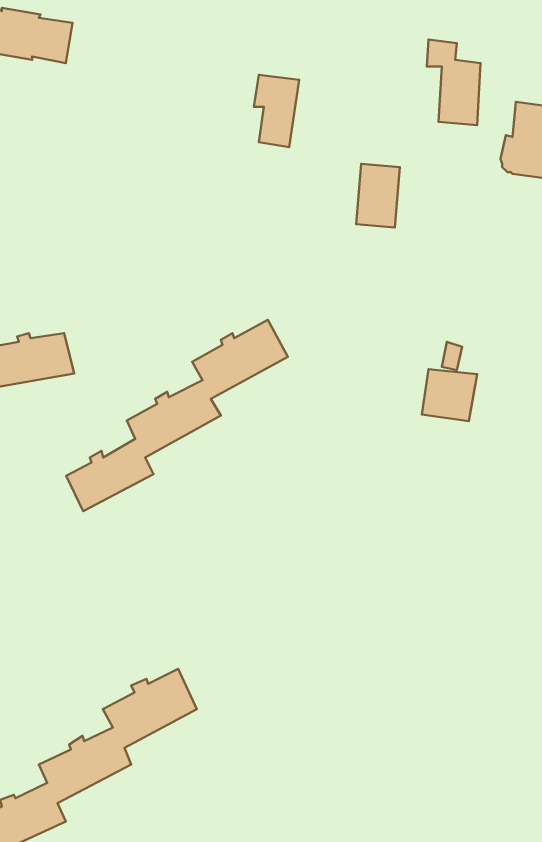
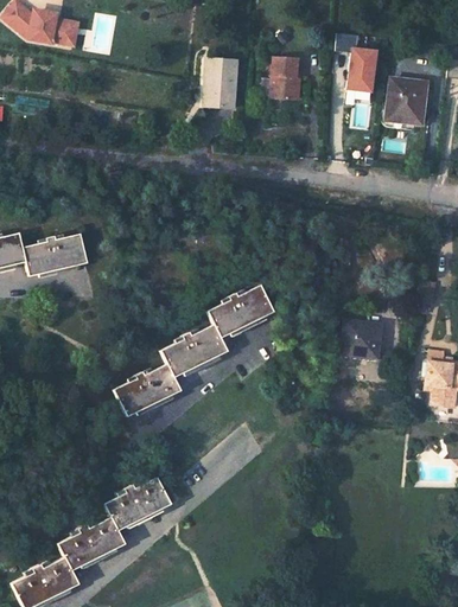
building: [356,164,400,228] -> [272,47,303,92]
building: [66,320,288,511] -> [115,282,272,417]
building: [422,369,477,421] -> [348,315,387,352]

